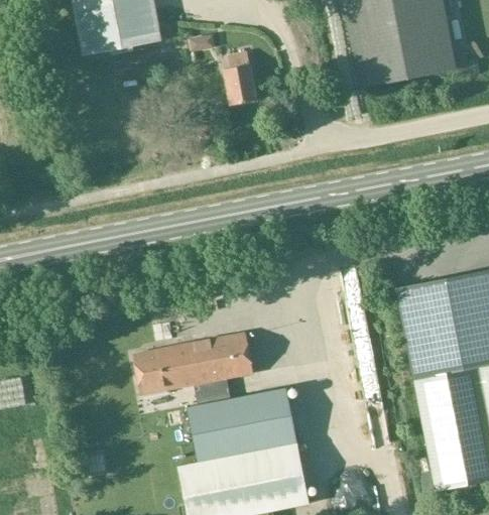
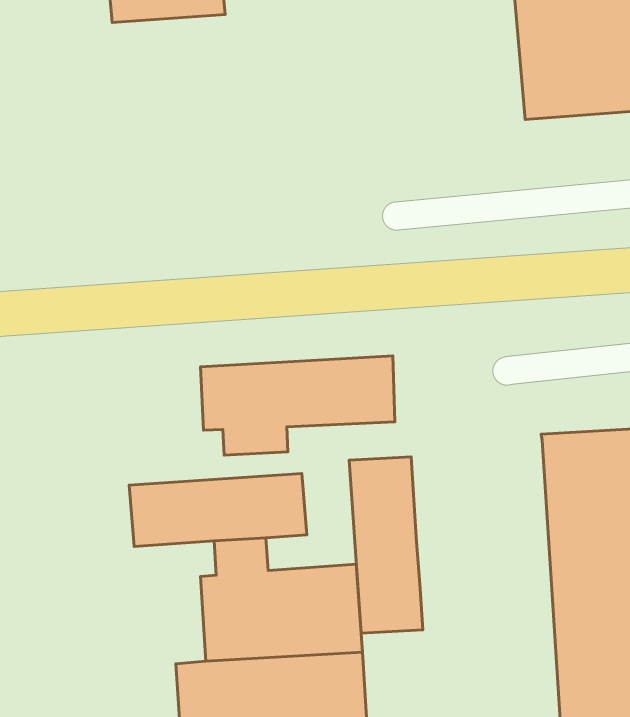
building: [225,50,257,104] -> none
building: none -> [201,356,395,455]
building: none -> [349,457,423,633]

